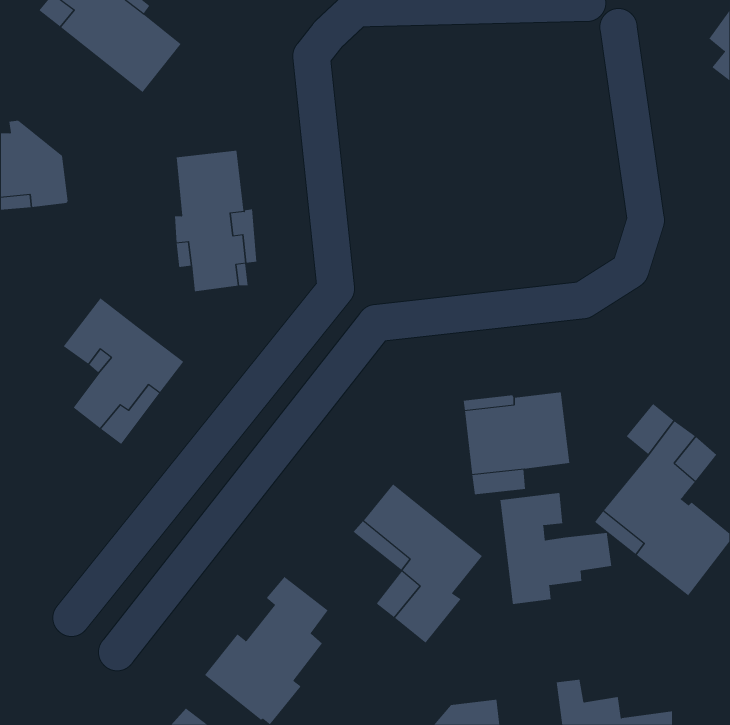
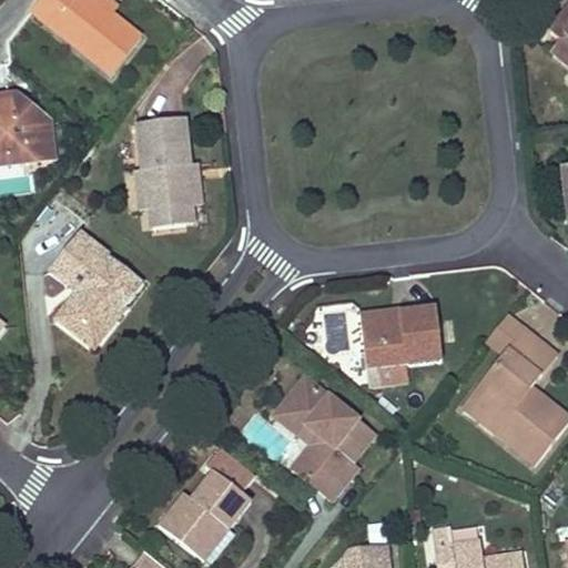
building: [500,492,612,605] -> none

